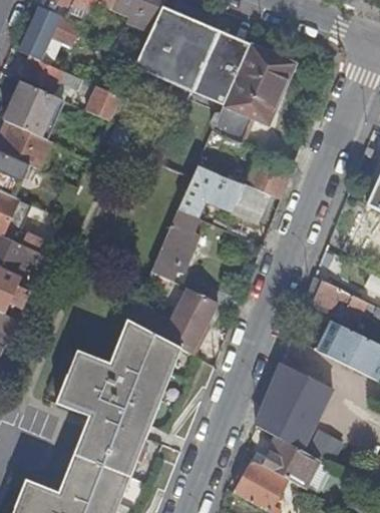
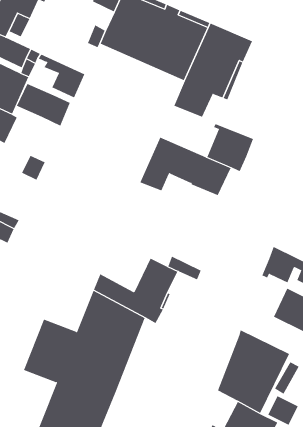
building: none -> [16,83,70,126]
building: [150,209,201,281] -> none

